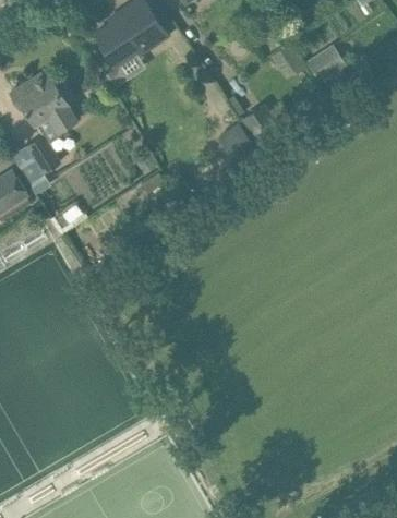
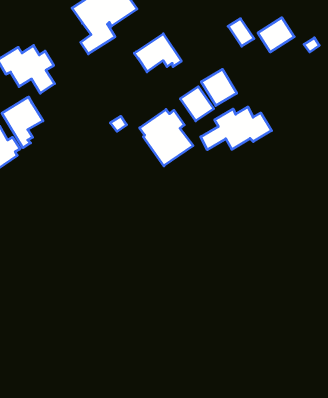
building: none -> [134,34,181,72]
building: none -> [201,107,272,150]
building: none -> [140,109,193,166]

